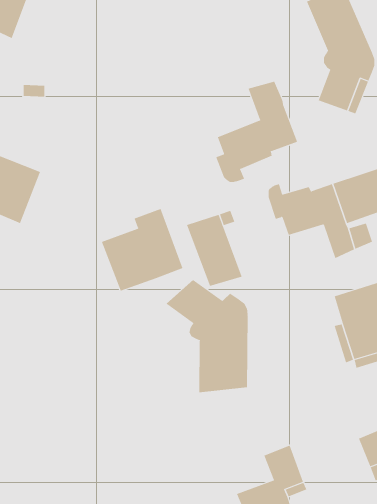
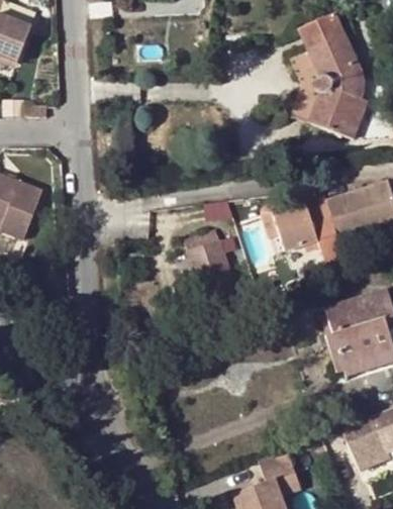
building: [216,81,298,183] -> none
building: [101,208,183,292] -> none
building: [166,279,248,393] -> none

